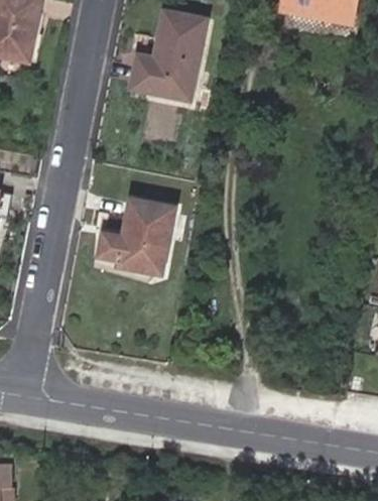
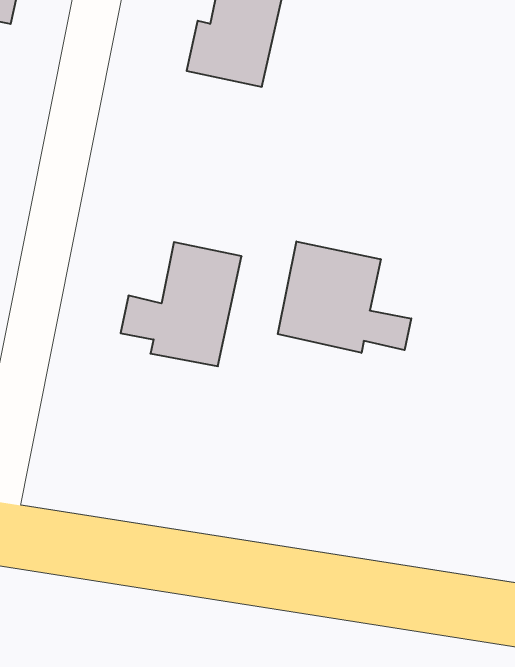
building: none -> [278,241,411,353]

